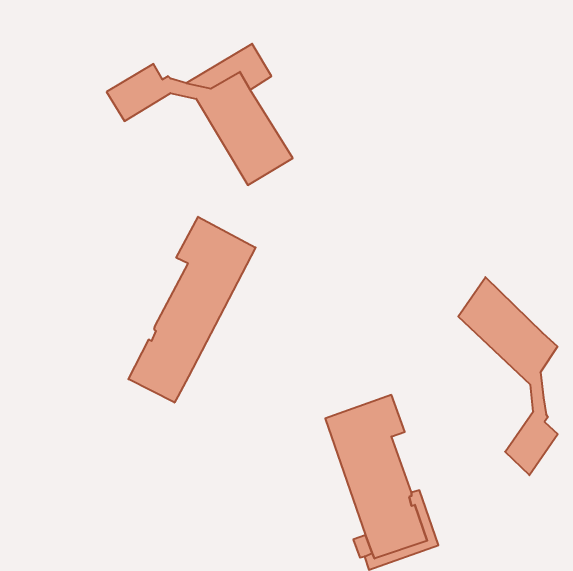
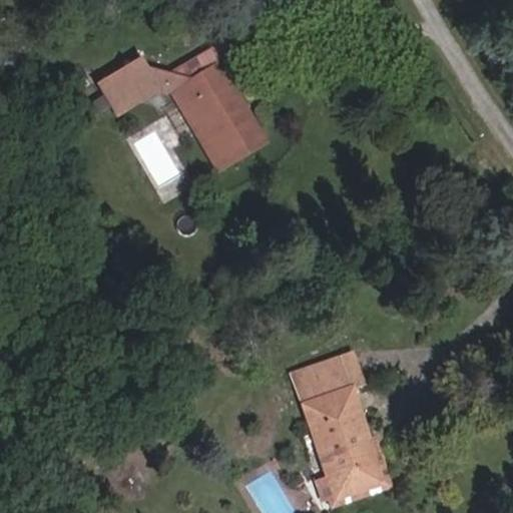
building: [128,217,256,403] -> none
building: [458,277,558,475] -> none

